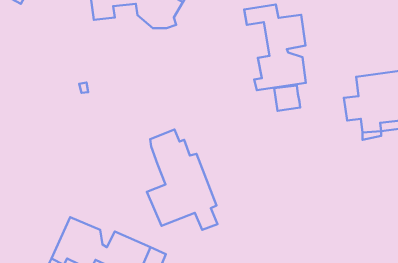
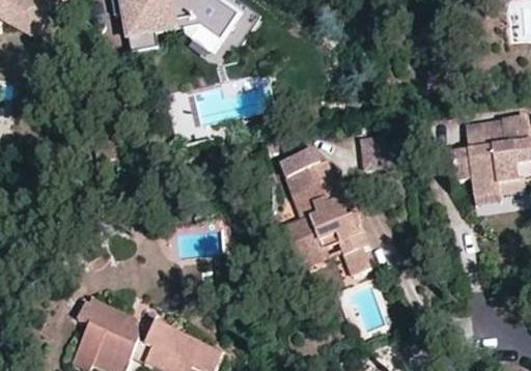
building: [244,5,306,90] -> none
building: [147,129,217,230] -> [280,144,370,273]

